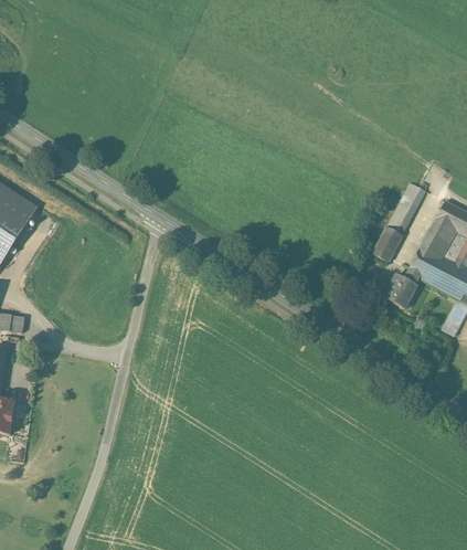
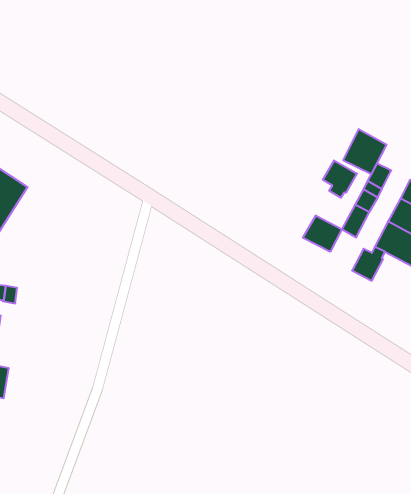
building: none -> [343,129,386,174]
building: none -> [323,160,357,198]
building: none -> [303,215,342,252]

